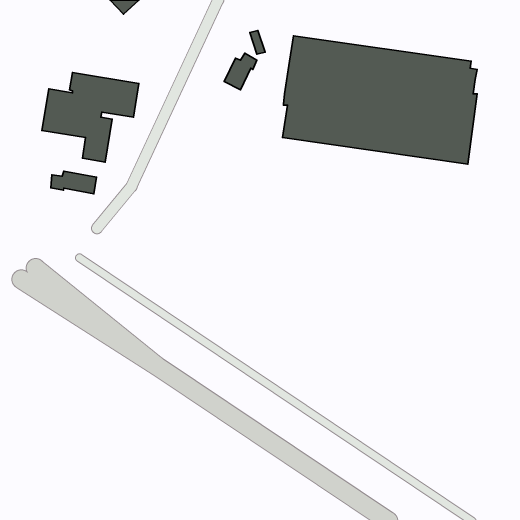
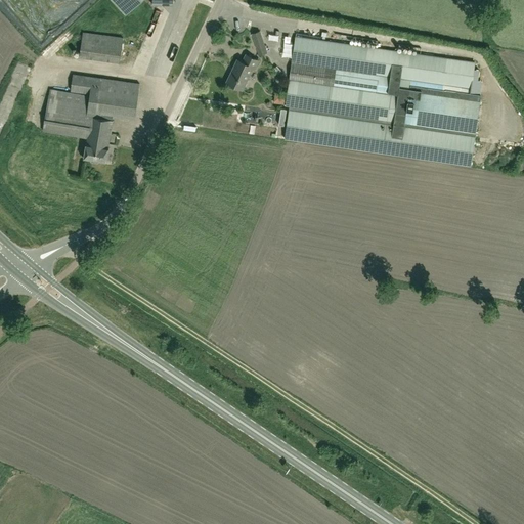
building: none -> [79,33,122,62]
building: [51,171,97,194] -> none

